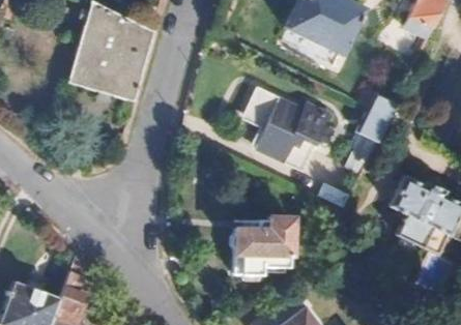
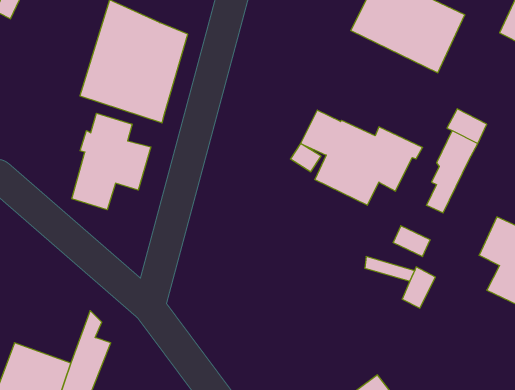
building: none -> [72,113,151,210]
building: [233,216,289,278] -> none

